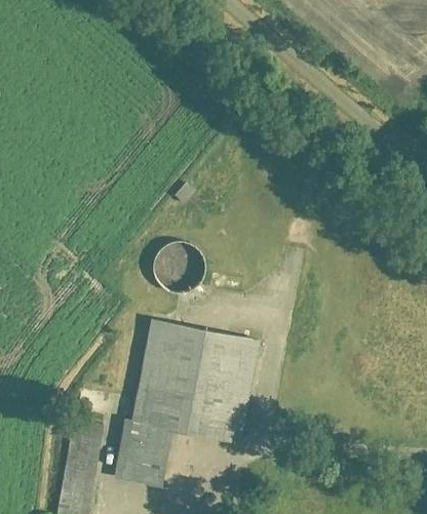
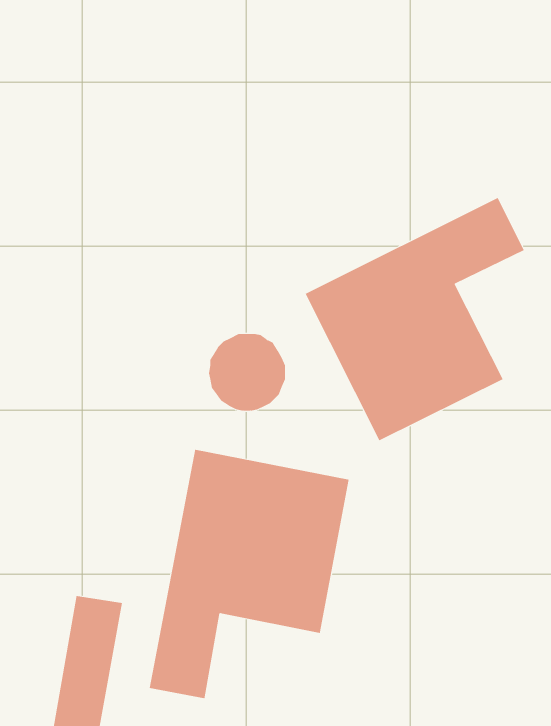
building: none -> [305,197,524,441]

